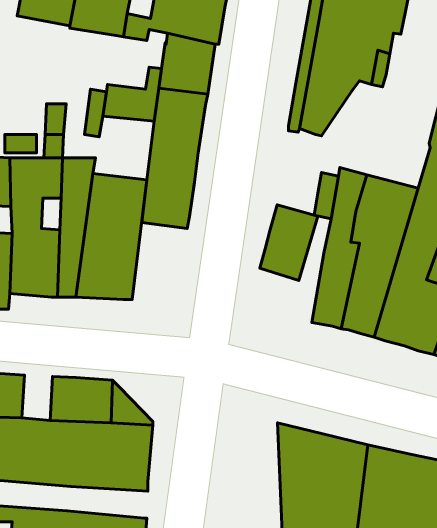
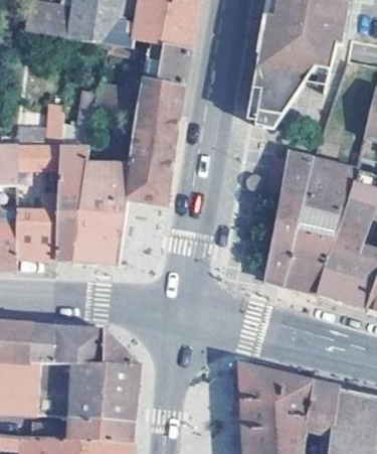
building: [260,205,318,280] -> none
building: none -> [28,324,53,361]
building: none -> [65,416,132,442]

